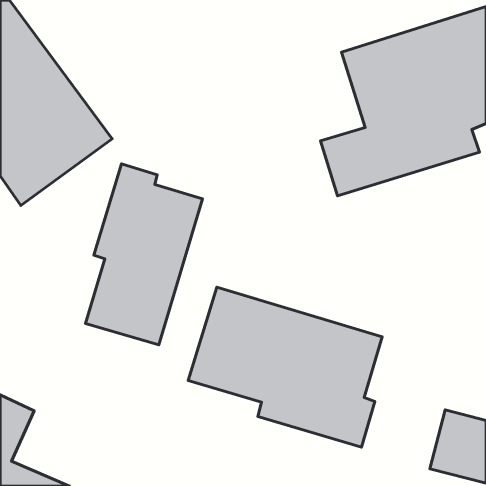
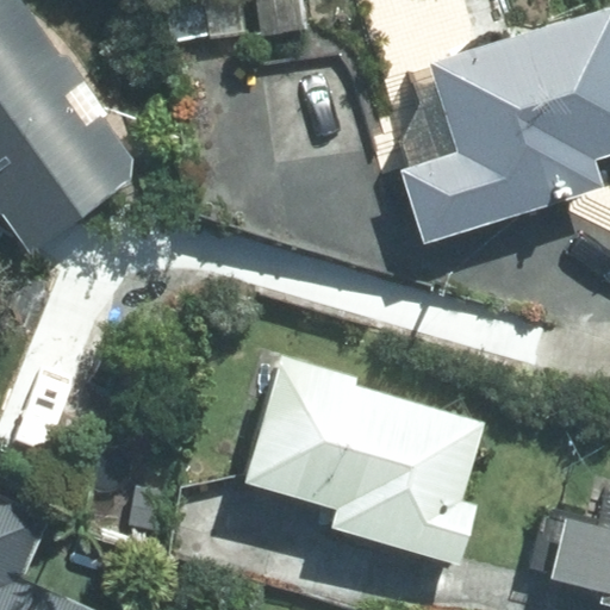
building: [86,164,202,345] -> none

